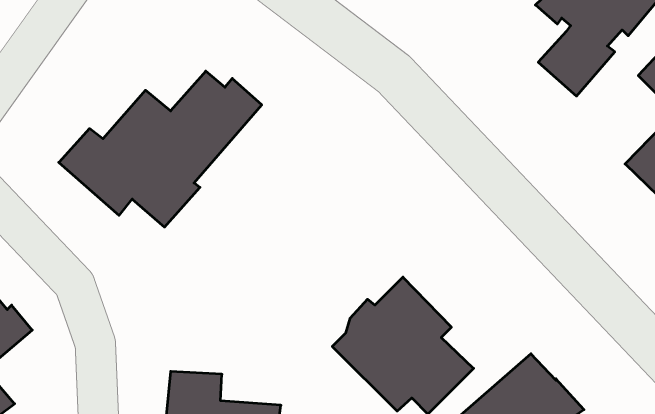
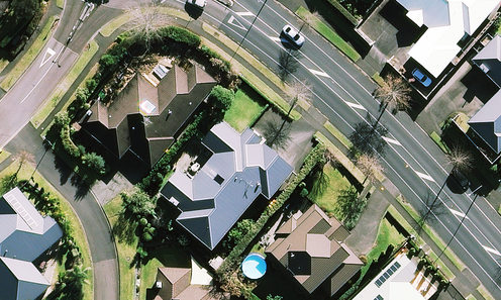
building: none -> [161,117,294,249]

